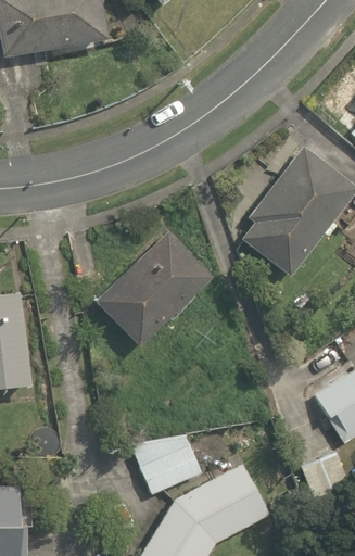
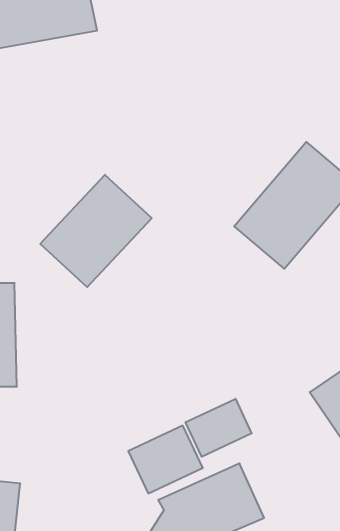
building: [94,238,203,348] -> [40,175,152,287]
building: none -> [186,399,252,457]

